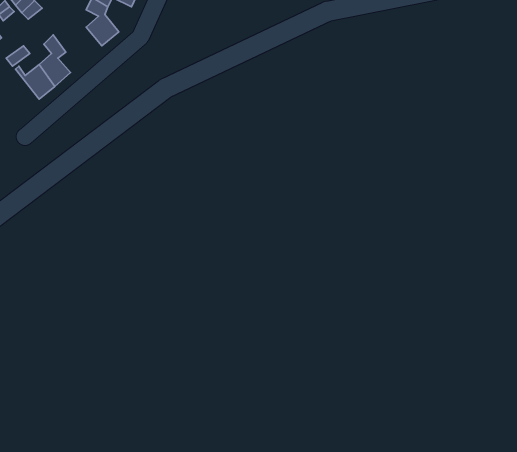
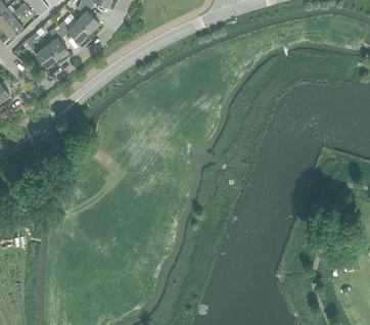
building: none -> [56,16,88,42]

